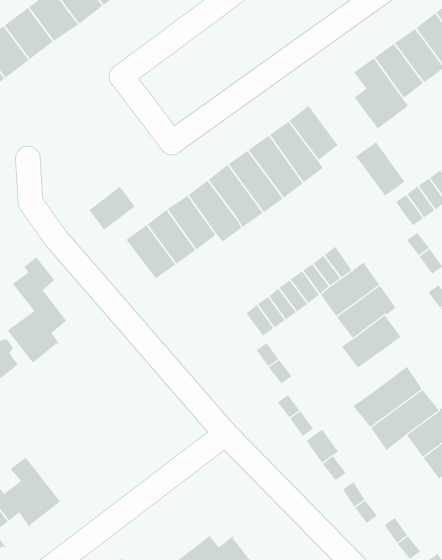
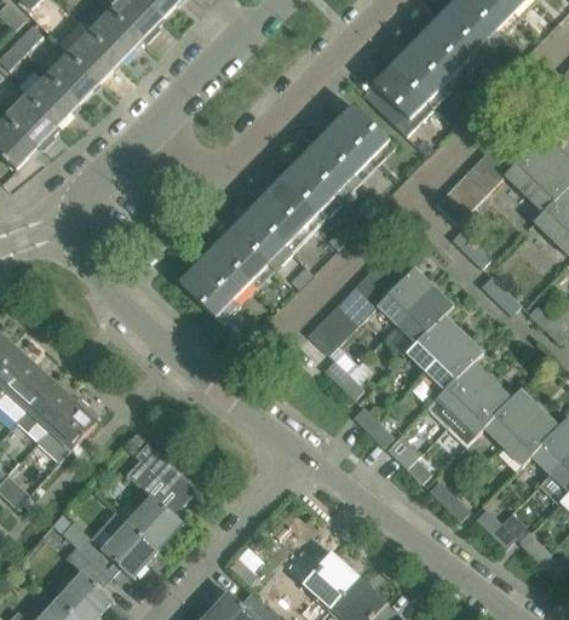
building: [355,141,411,197] -> [335,105,395,157]
building: [89,186,135,231] -> none
building: [7,257,67,363] -> [126,443,185,547]
building: none -> [425,333,482,390]

